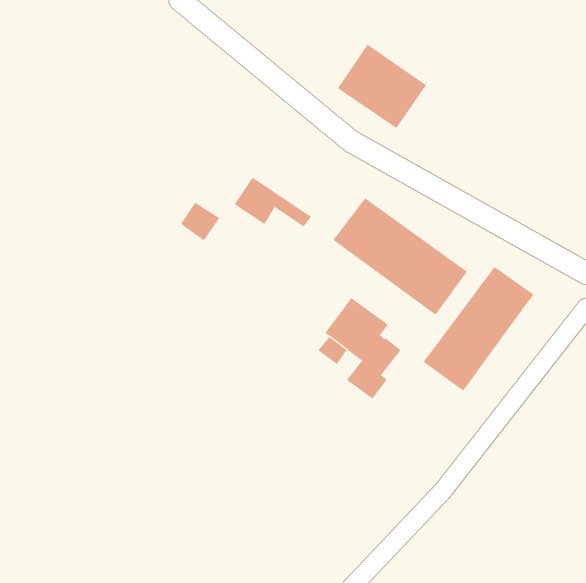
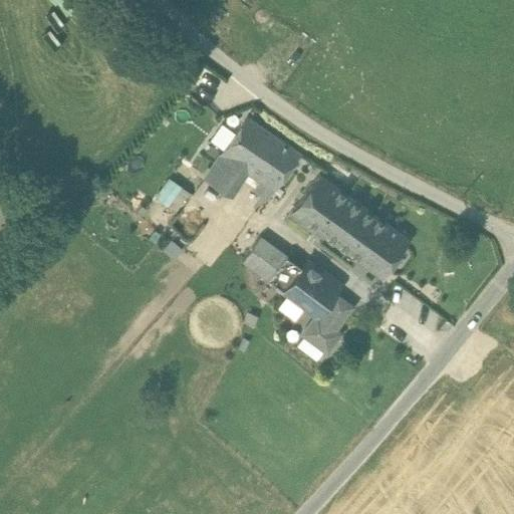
building: [337,44,427,129] -> [221,118,299,193]
building: [423,266,534,392] -> none
building: none -> [243,239,302,294]

